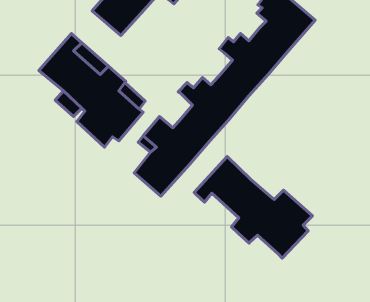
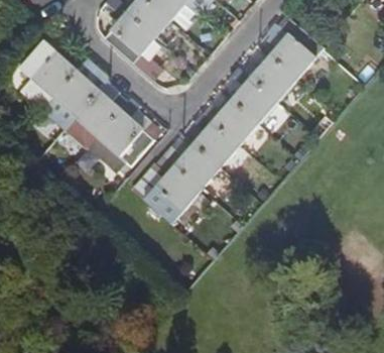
building: none -> [17,41,83,111]
building: [194,156,313,258] -> none

